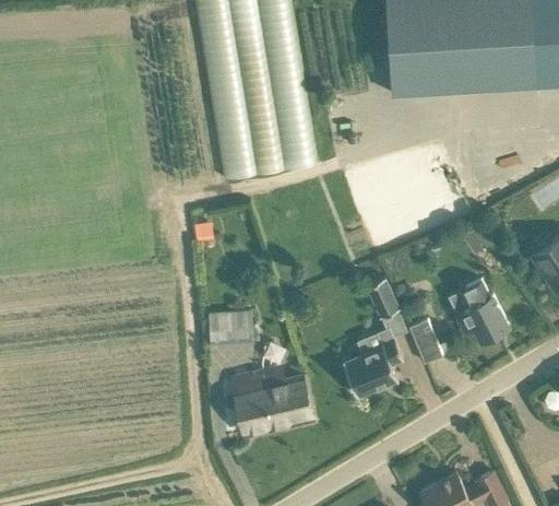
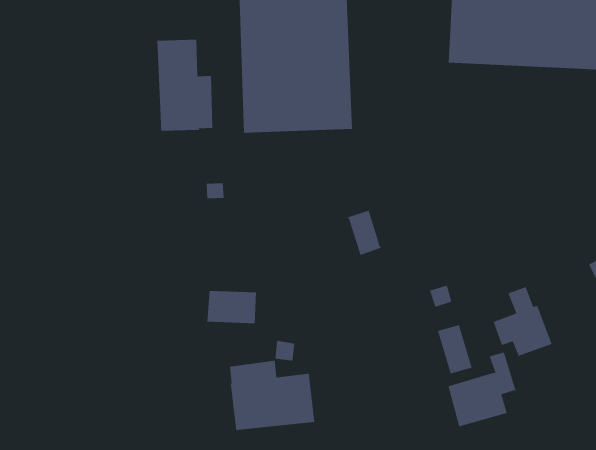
building: none -> [157,39,213,132]
building: [367,280,400,320] -> [347,210,382,256]
building: [344,329,404,399] -> [447,352,516,428]

